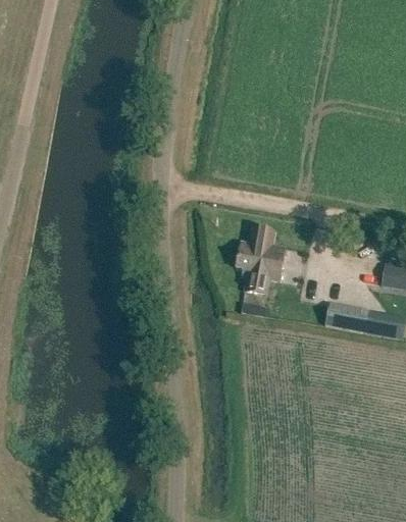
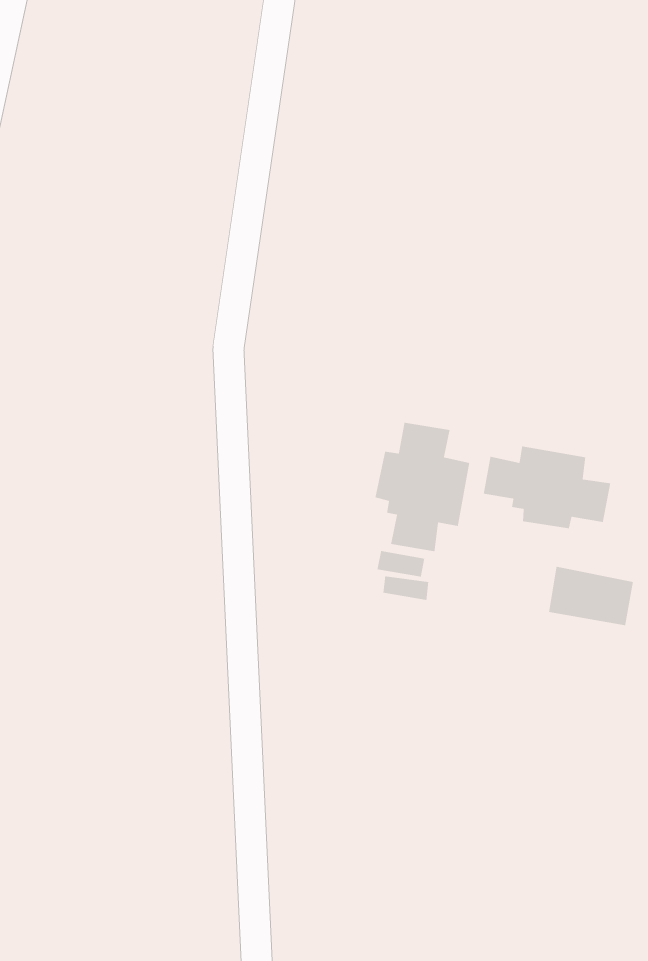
building: none -> [483,445,611,529]

